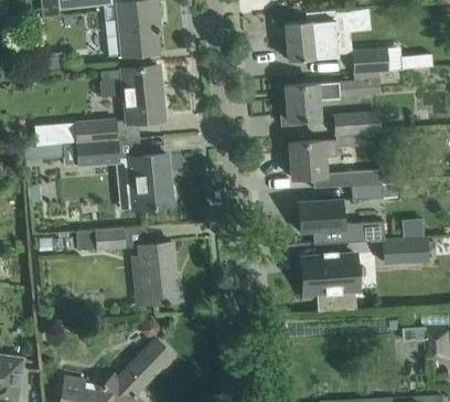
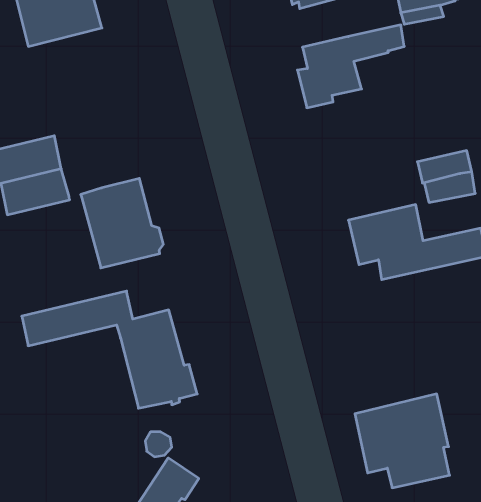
building: [99,65,163,121] -> none
building: [333,113,381,134] -> none
building: [290,139,338,188] -> none
building: [301,254,358,310] -> [355,394,450,488]

